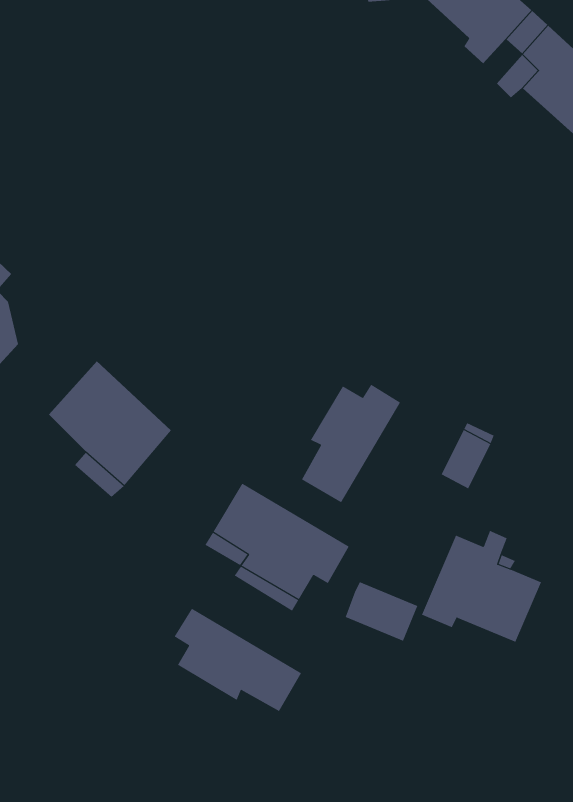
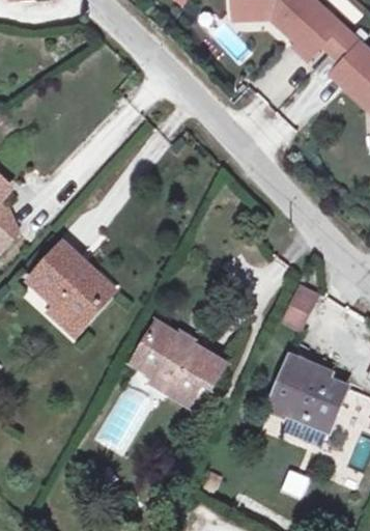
building: [301,384,401,503] -> none
building: [345,581,418,642] -> [283,409,330,447]
building: [174,608,302,712] -> none

